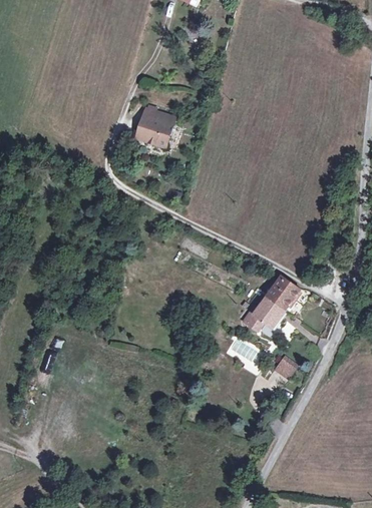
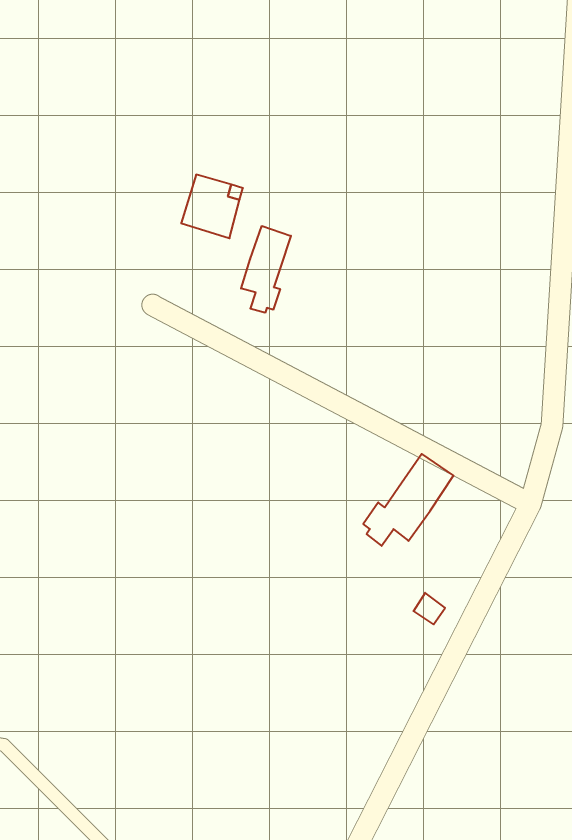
building: none -> [241,226,291,313]

